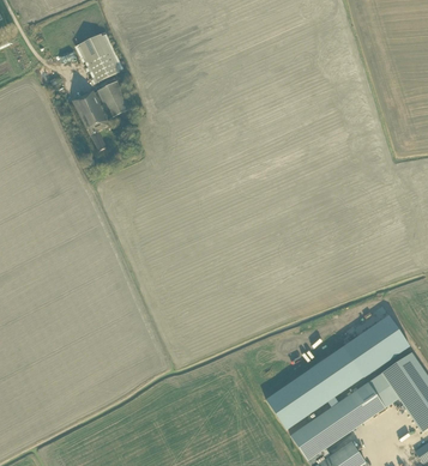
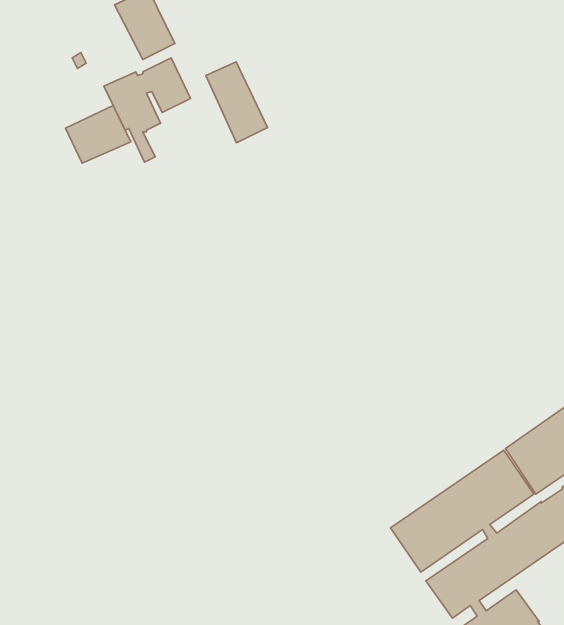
building: none -> [206,62,268,143]
building: none -> [66,105,131,163]

